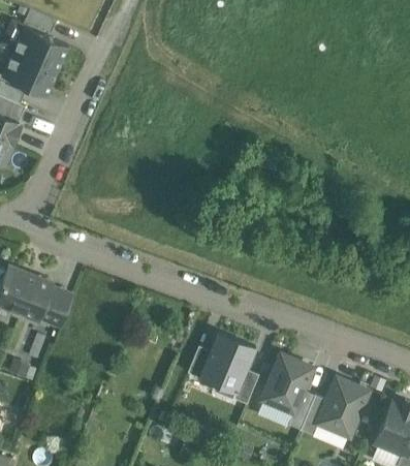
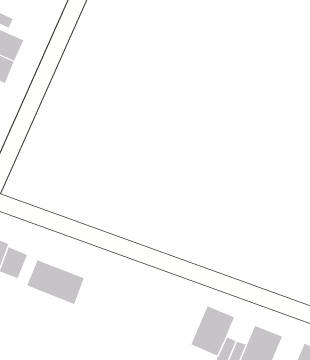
building: none -> [27,260,85,305]
building: [187,332,258,404] -> none

